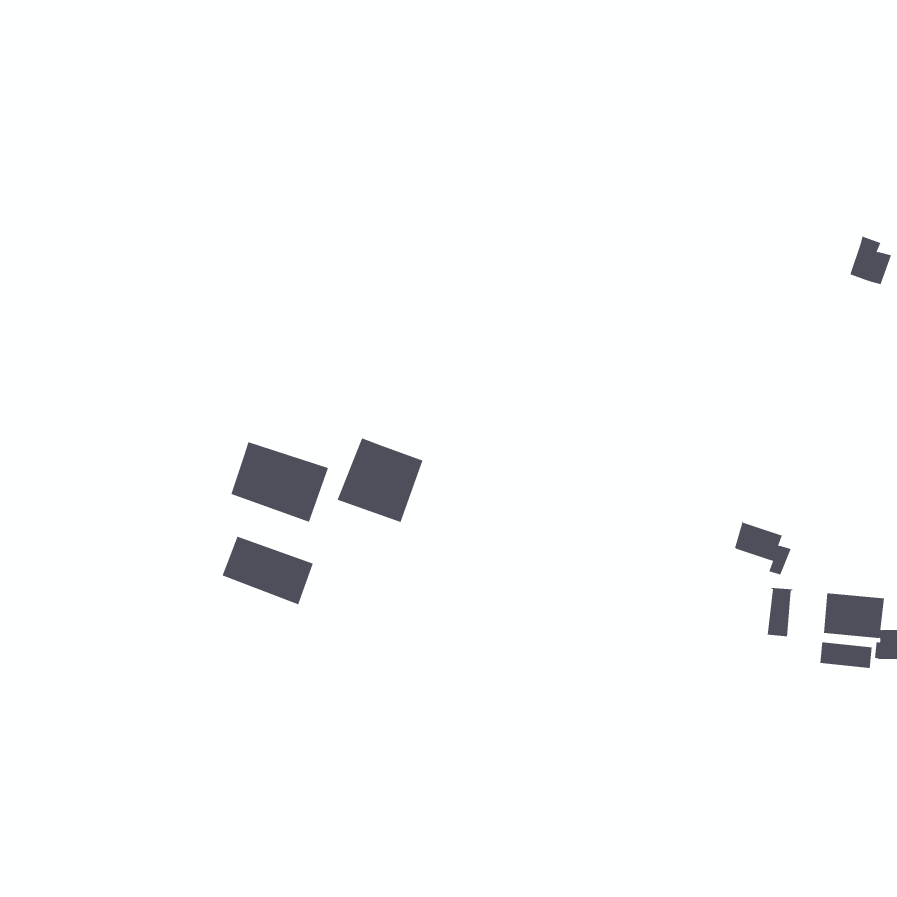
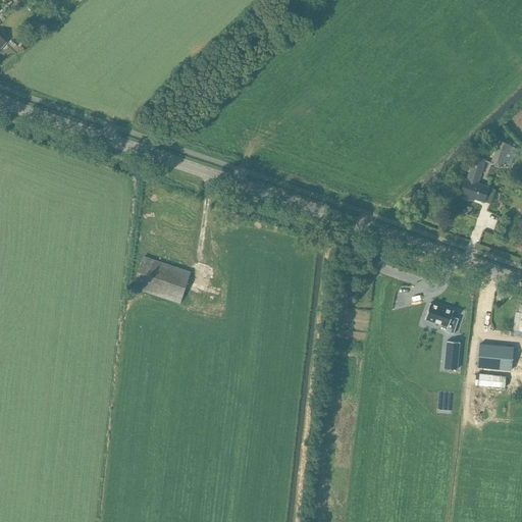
building: none -> [461,156,489,201]
building: [337,438,423,523] -> none
building: [222,536,313,605] -> none

